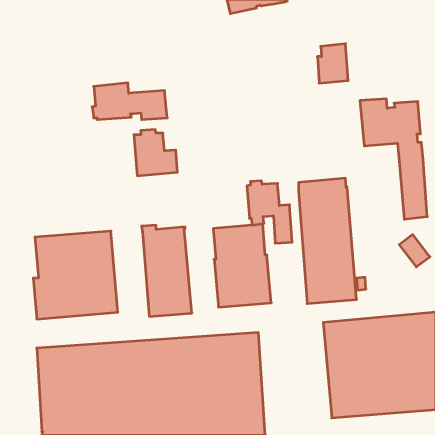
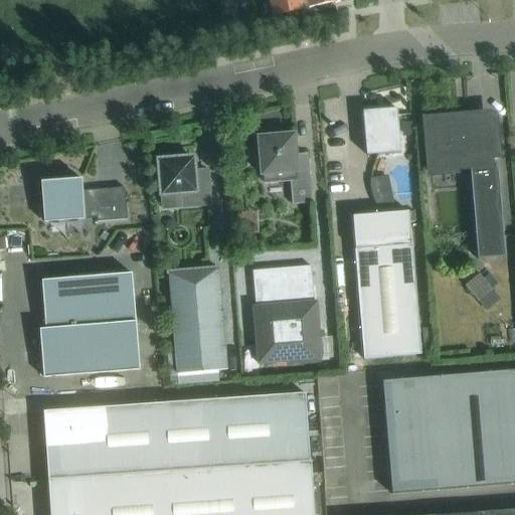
building: [317,44,348,83] -> [364,108,400,154]
building: [92,83,167,120] -> [39,177,128,220]
building: [247,181,292,243] -> [259,130,312,203]

